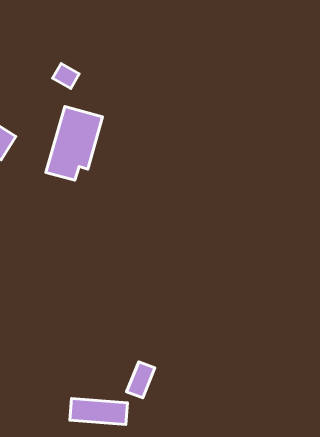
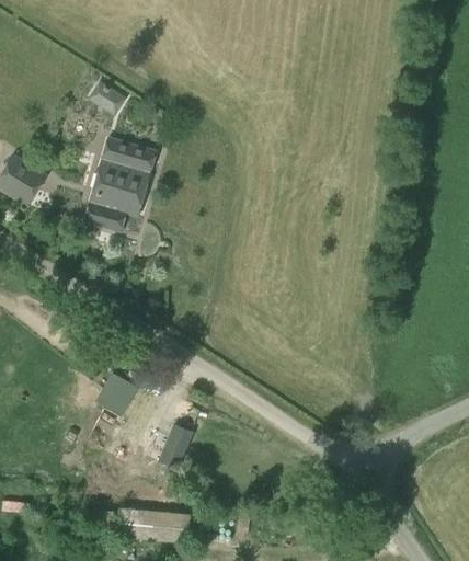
building: none -> [95,370,138,414]
building: [127,362,155,398] -> [157,423,193,469]

